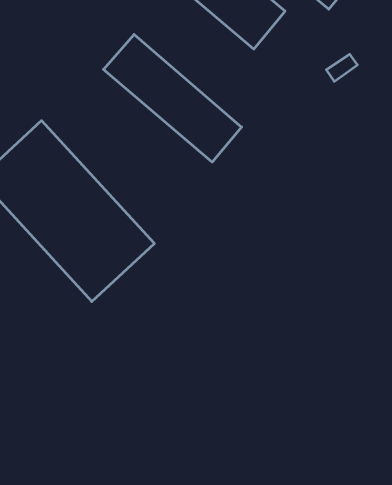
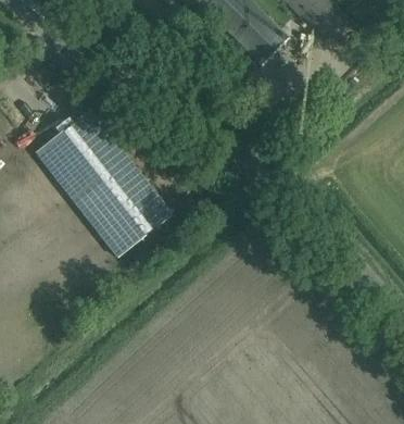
building: [103,34,242,162] -> none

